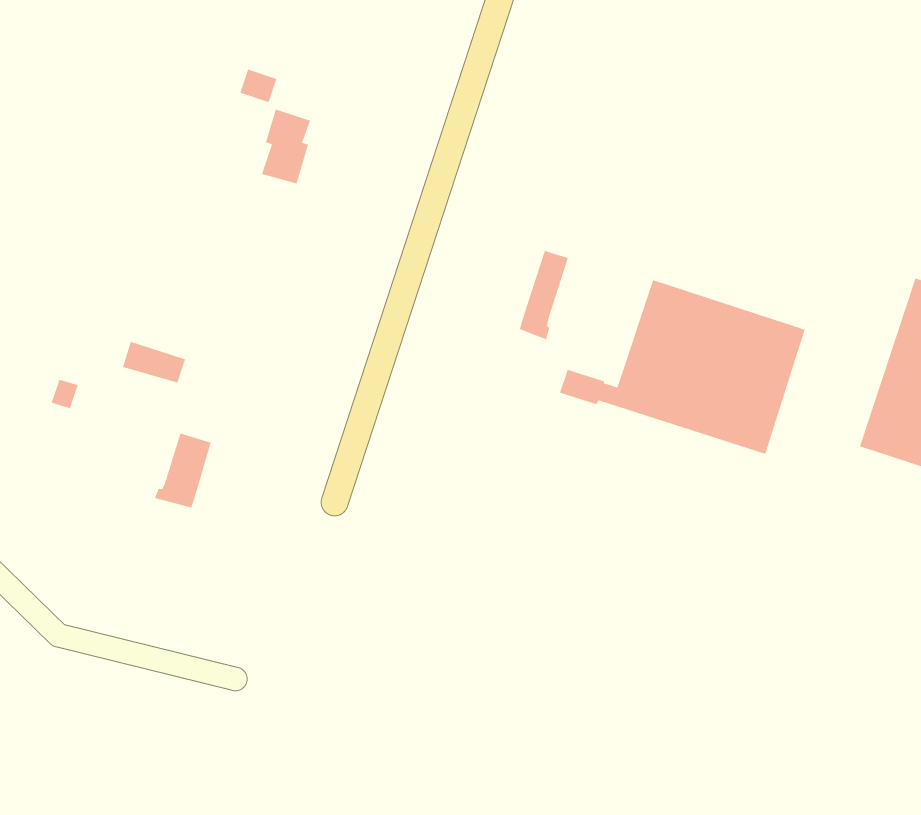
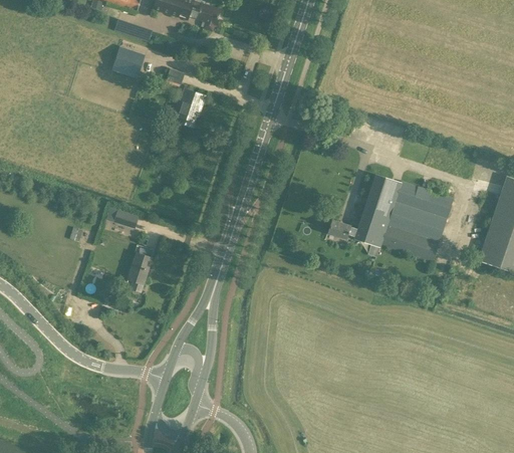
building: none -> [112,46,146,77]
building: [519,250,569,340] -> none

